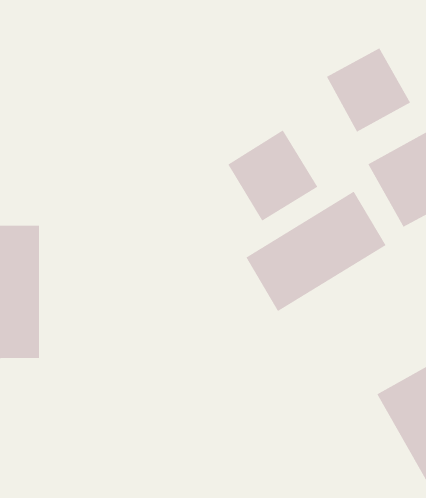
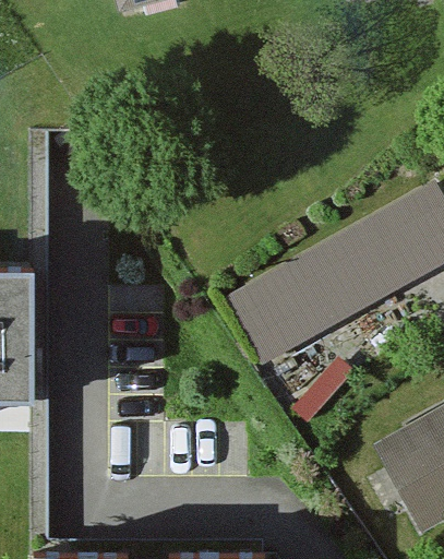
building: [326,48,411,133] -> none
building: [227,129,318,222] -> none

